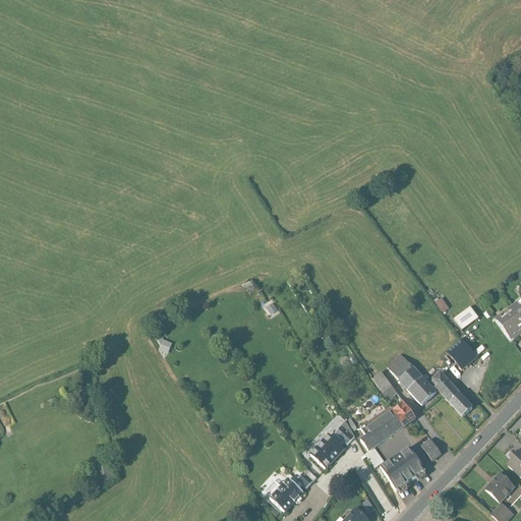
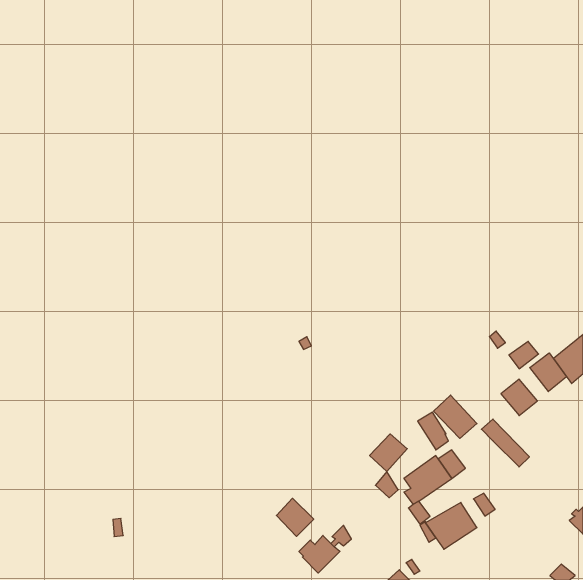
building: none -> [530,353,567,392]
building: [410,378,440,407] -> none
building: [310,435,344,468] -> [370,434,407,472]
building: none -> [276,498,314,536]
building: [484,473,514,502] -> none

